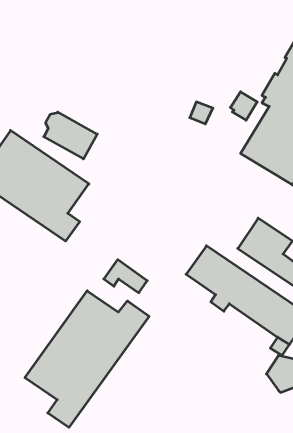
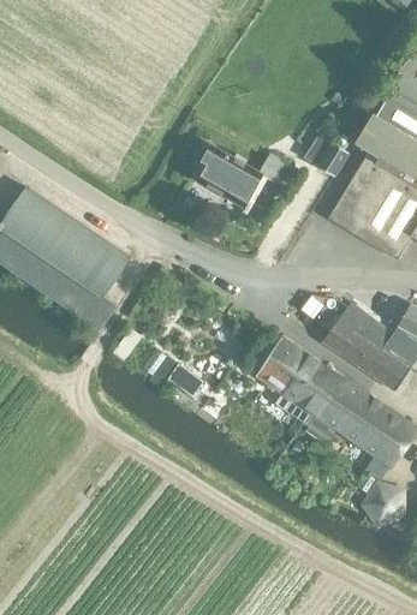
building: [44,112,97,159] -> [192,145,262,207]
building: [25,291,149,427] -> none

